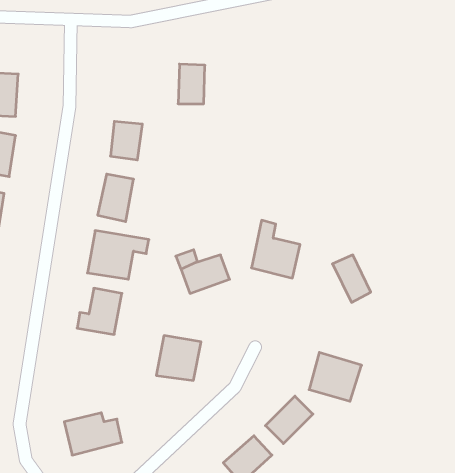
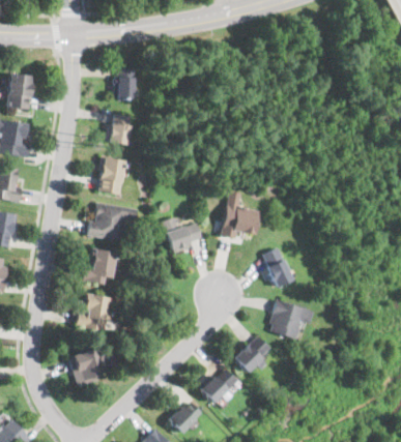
building: [178,64,205,104] -> [114,67,136,99]
building: [332,255,371,302] -> [262,248,293,287]
building: [156,336,201,380] -> [79,294,115,330]

